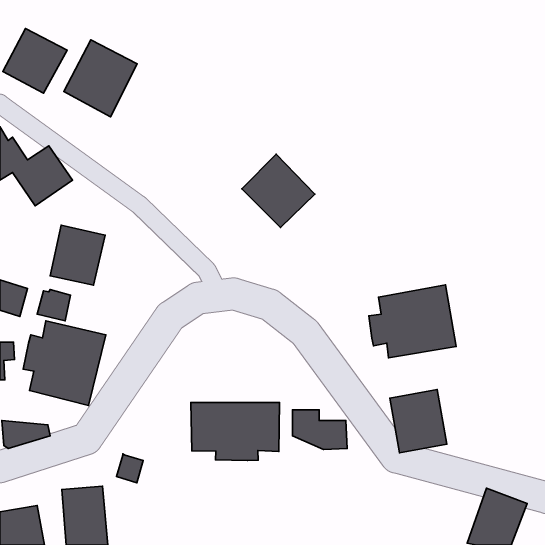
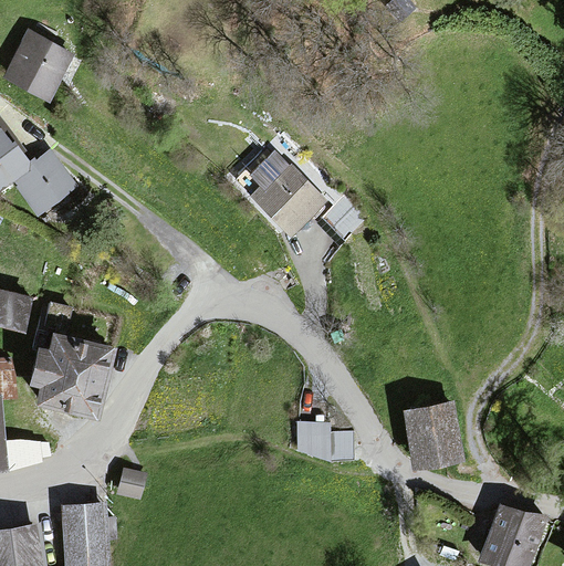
building: [64,40,137,117] -> none
building: [50,225,105,285] -> none
building: [369,285,456,358] -> none
building: [191,403,280,460] -> none

